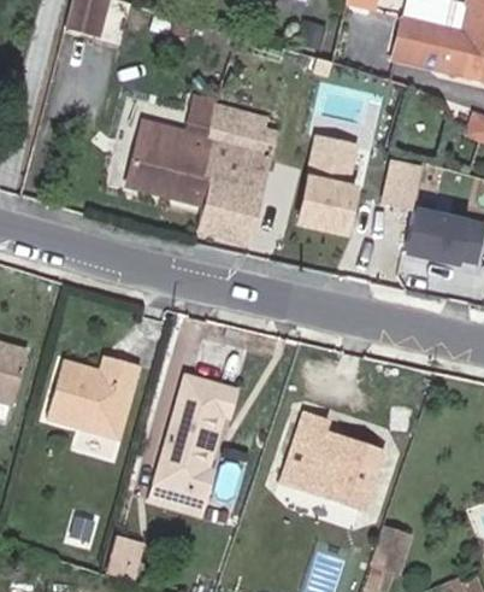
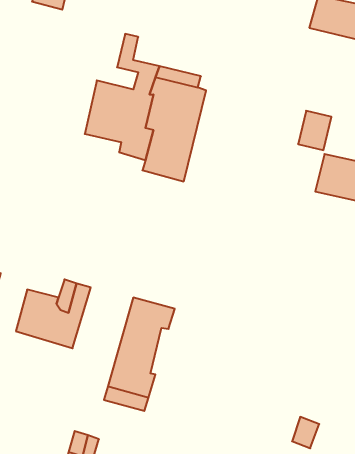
building: [289,135,358,229] -> none
building: [294,415,383,511] -> none

